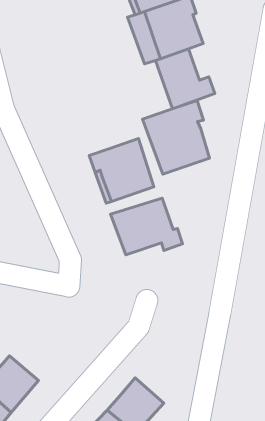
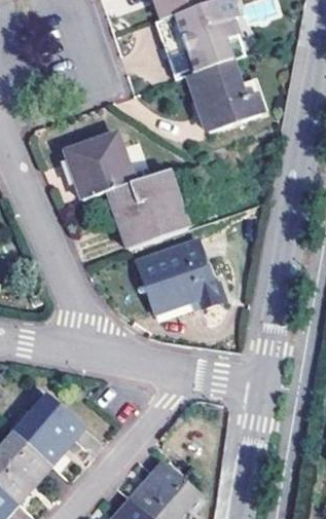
building: [142,101,210,174] -> none
building: none -> [66,132,134,198]
building: none -> [13,394,81,461]

